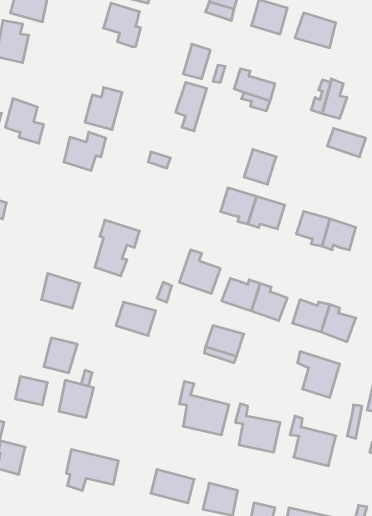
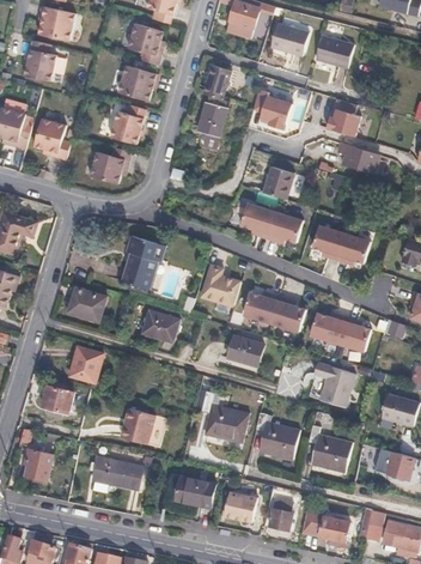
building: none -> [117,61,154,103]
building: [59,380,94,417] -> [118,408,152,444]

